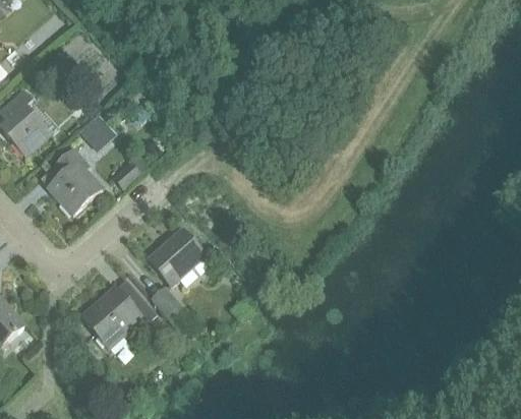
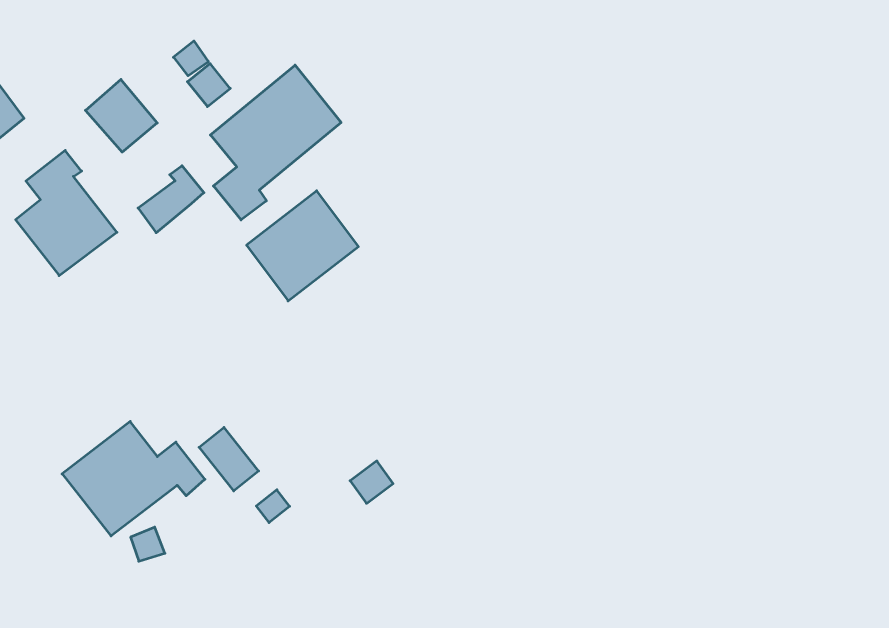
building: none -> [210,65,341,220]
building: [148,227,206,285] -> [247,191,358,301]

